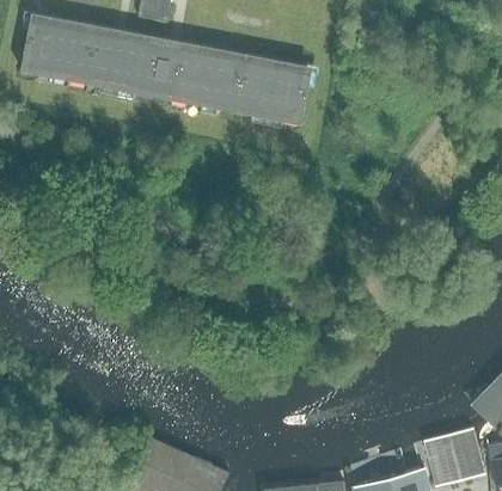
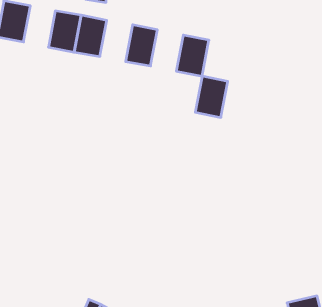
building: [57,25,102,82] -> none
building: [164,45,209,103] -> none
building: [234,59,280,116] -> [195,76,228,117]

